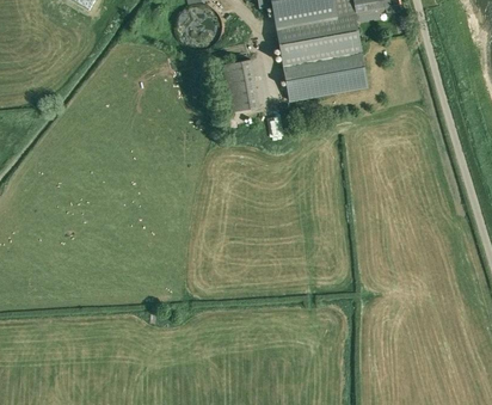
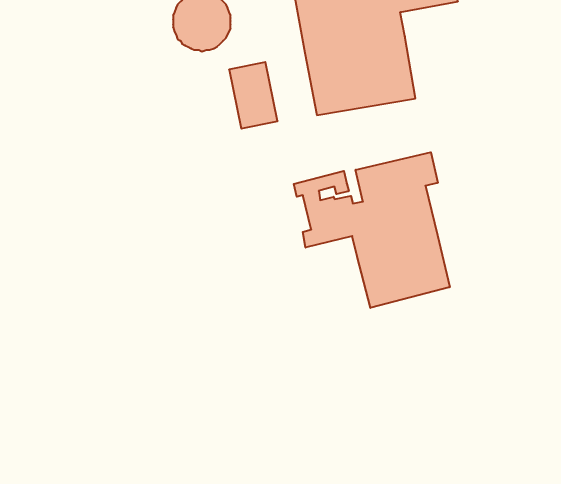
building: none -> [294,152,450,308]

